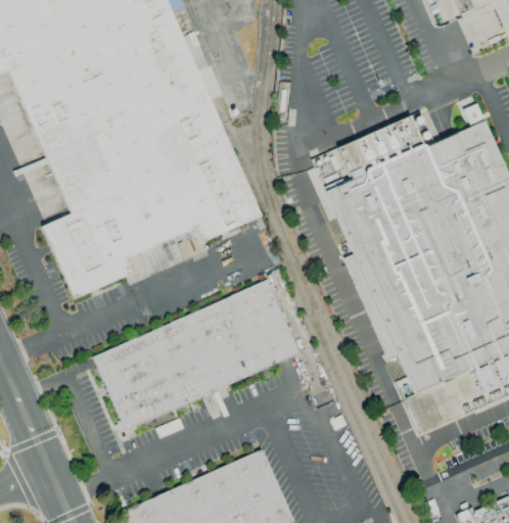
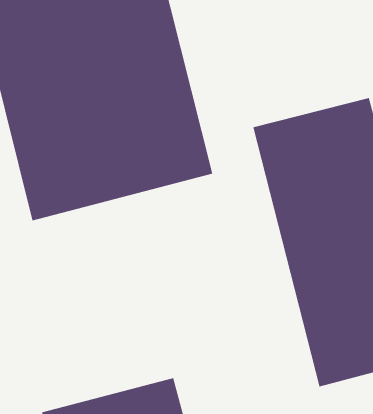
building: [93,280,299,429] -> none

